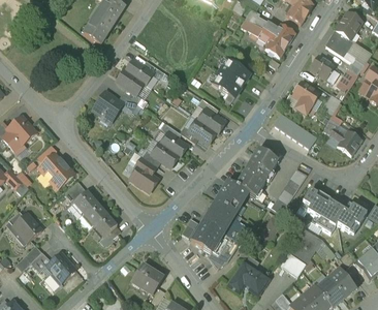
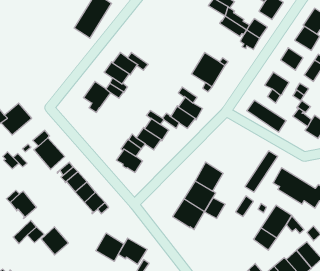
building: [234,149,278,197] -> none
building: none -> [96,233,124,261]
building: [228,264,267,295] -> none

